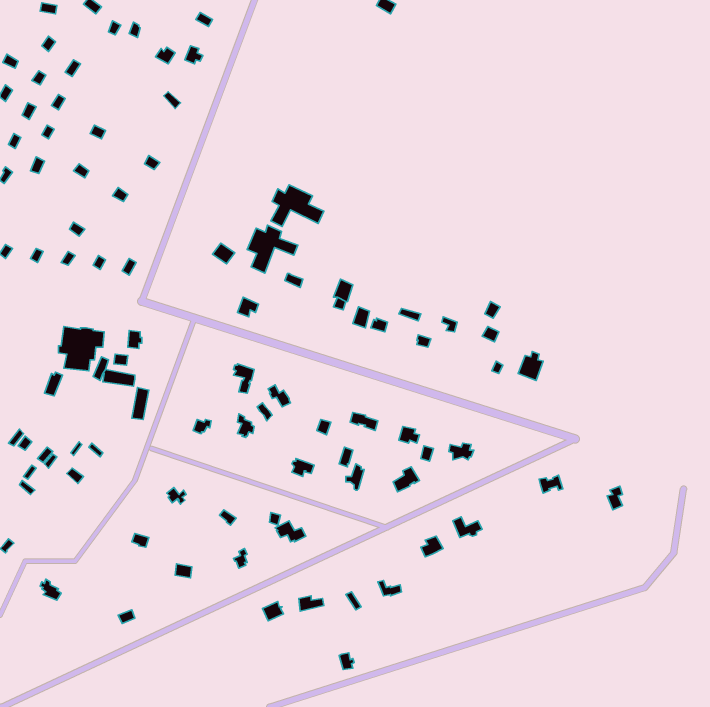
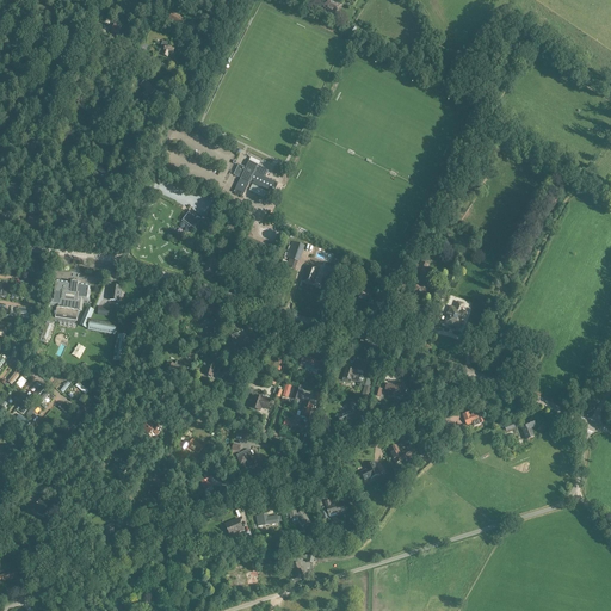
building: [247,225,298,273] -> none

